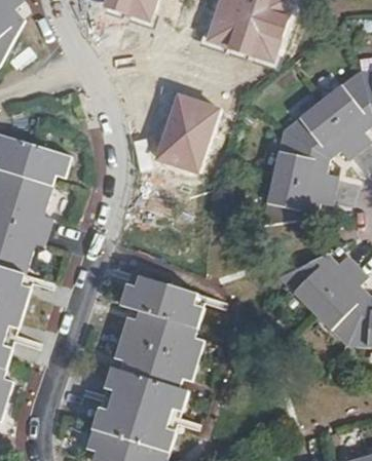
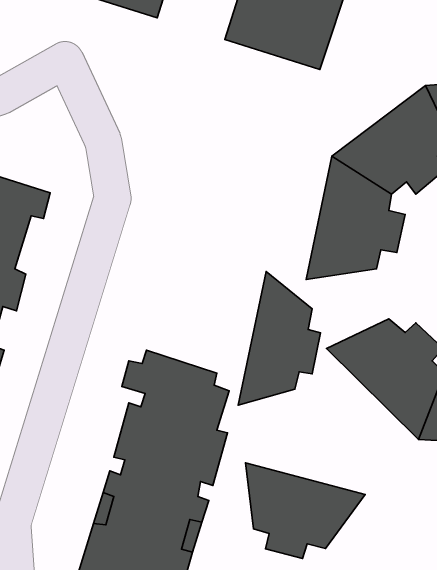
building: [151,91,220,174] -> none
building: none -> [238,271,321,405]
building: none -> [245,463,365,558]

